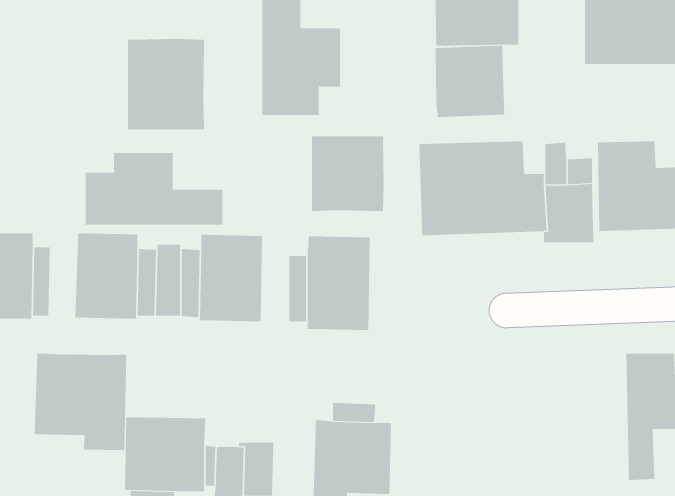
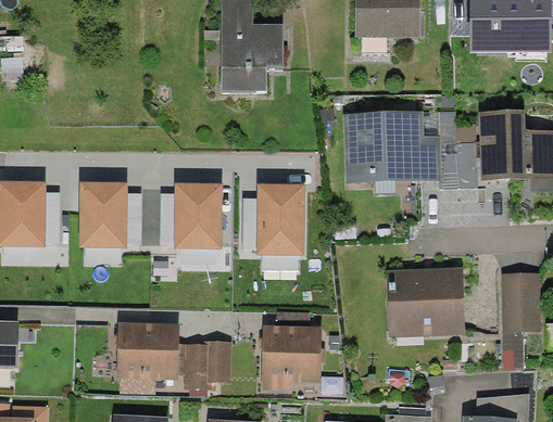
building: [128,38,205,130] -> none
building: [435,45,505,118] -> none
building: [312,135,384,212] -> none
building: [85,152,223,225] -> none
building: none -> [386,267,465,338]
building: [34,352,127,451] -> none

